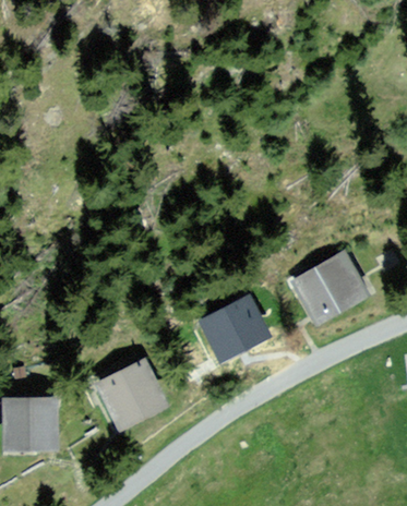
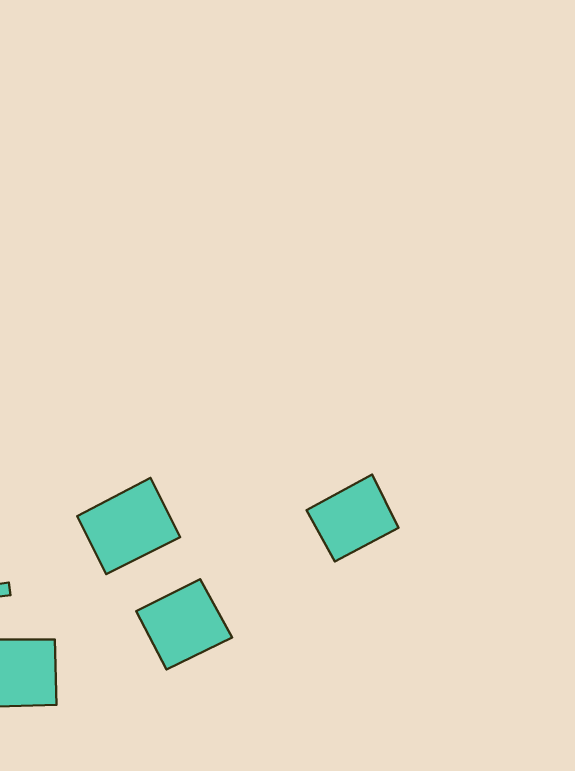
building: [298,255,364,316] -> none
building: none -> [77,478,180,574]

